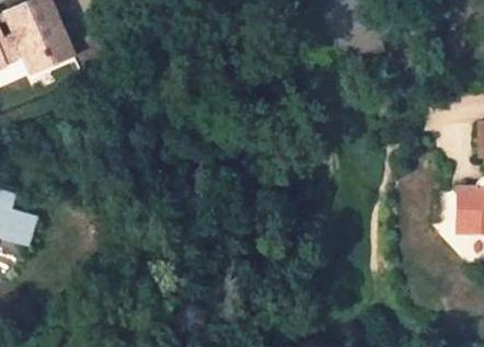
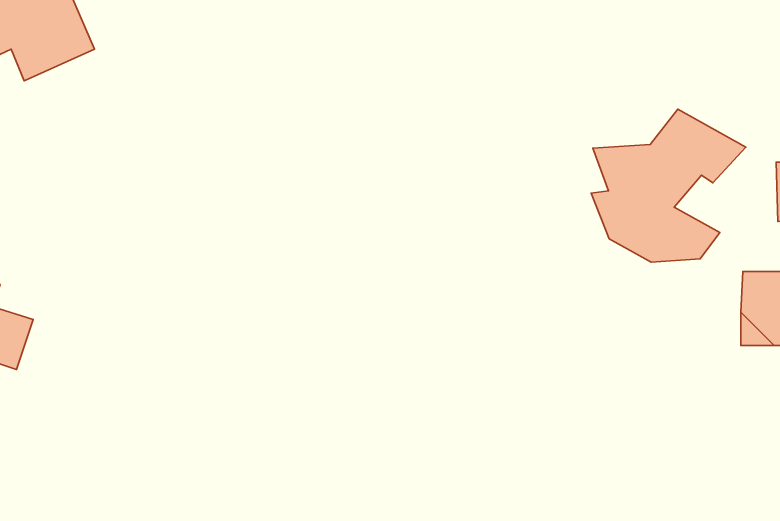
building: none -> [591,109,746,262]

